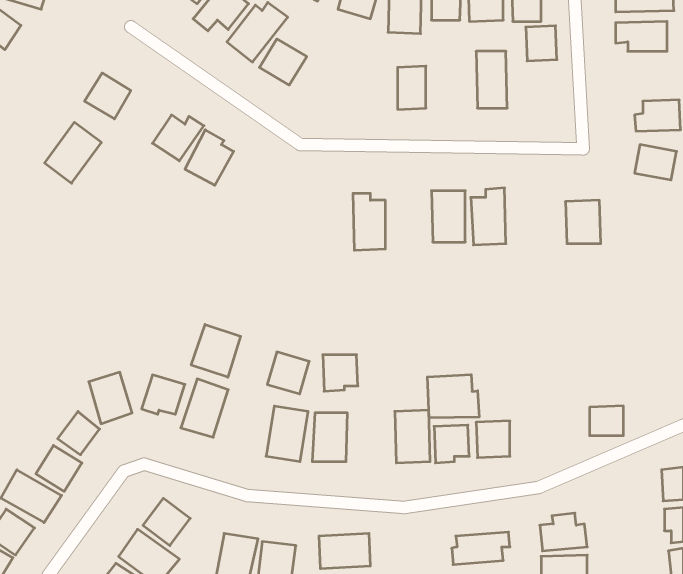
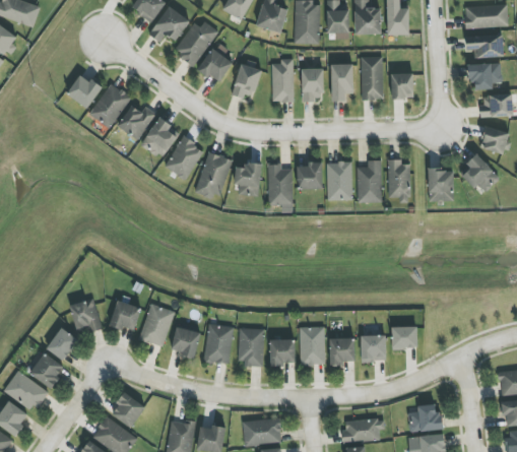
building: [526,26,557,61] -> [391,72,414,99]
building: none -> [271,58,295,102]
building: none -> [233,63,262,99]
building: none -> [468,63,502,89]
building: none -> [331,64,353,101]
building: [45,122,101,183] -> [89,82,132,128]
building: none -> [165,136,204,180]
building: none -> [196,151,232,198]
building: none -> [461,153,500,192]
building: none -> [388,158,410,200]
building: none -> [235,162,261,195]
building: none -> [297,162,323,189]
building: [191,324,241,377] -> none
building: [267,352,309,394] -> [171,326,202,358]
building: [323,355,358,391] -> [269,339,296,367]
building: [427,375,479,418] -> none
building: [590,406,623,436] -> [392,326,417,348]

